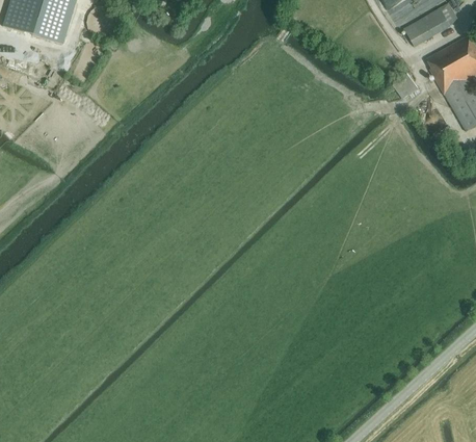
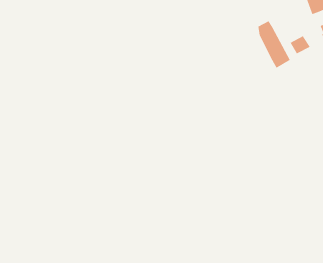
building: none -> [258,20,291,69]

